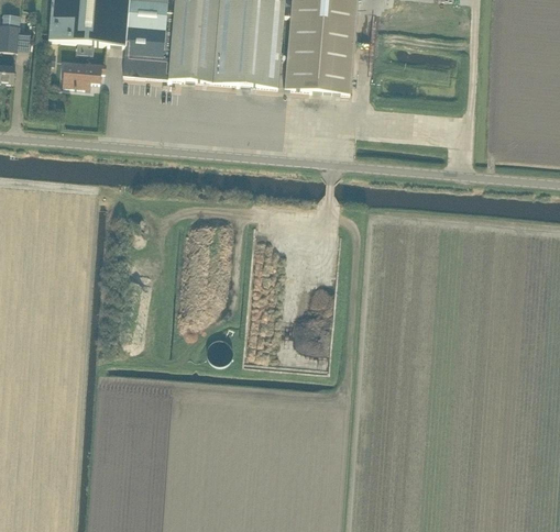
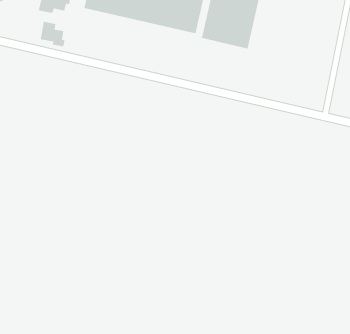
building: none -> [40,21,65,47]

